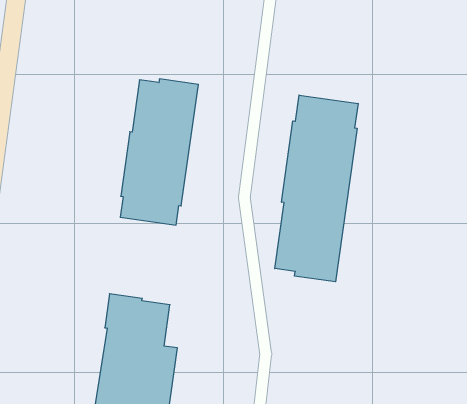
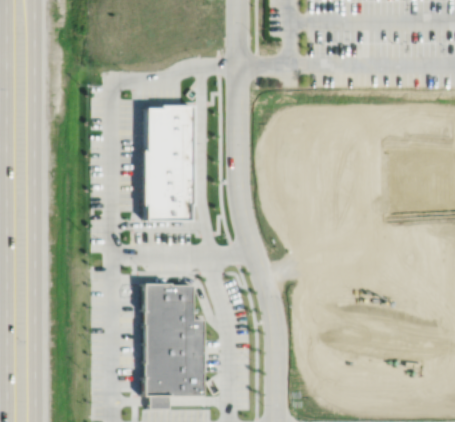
building: [275,95,358,282] -> none

